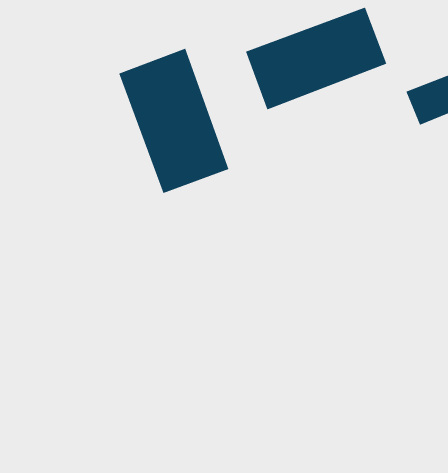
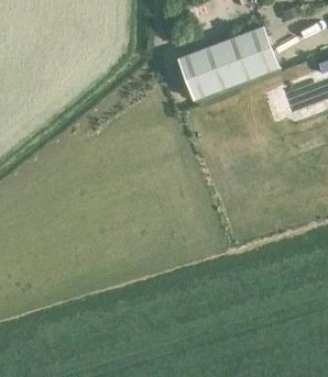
building: [118,48,229,194] -> none

